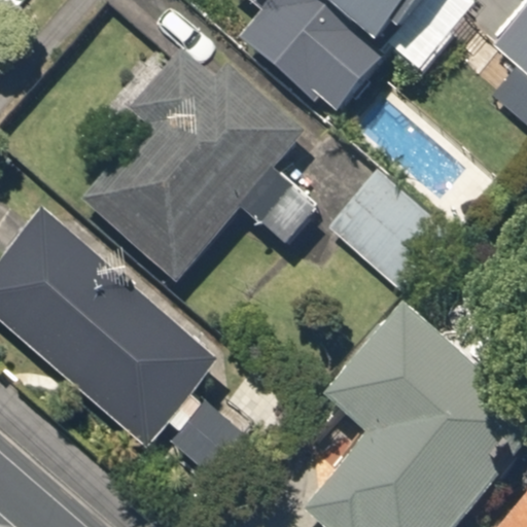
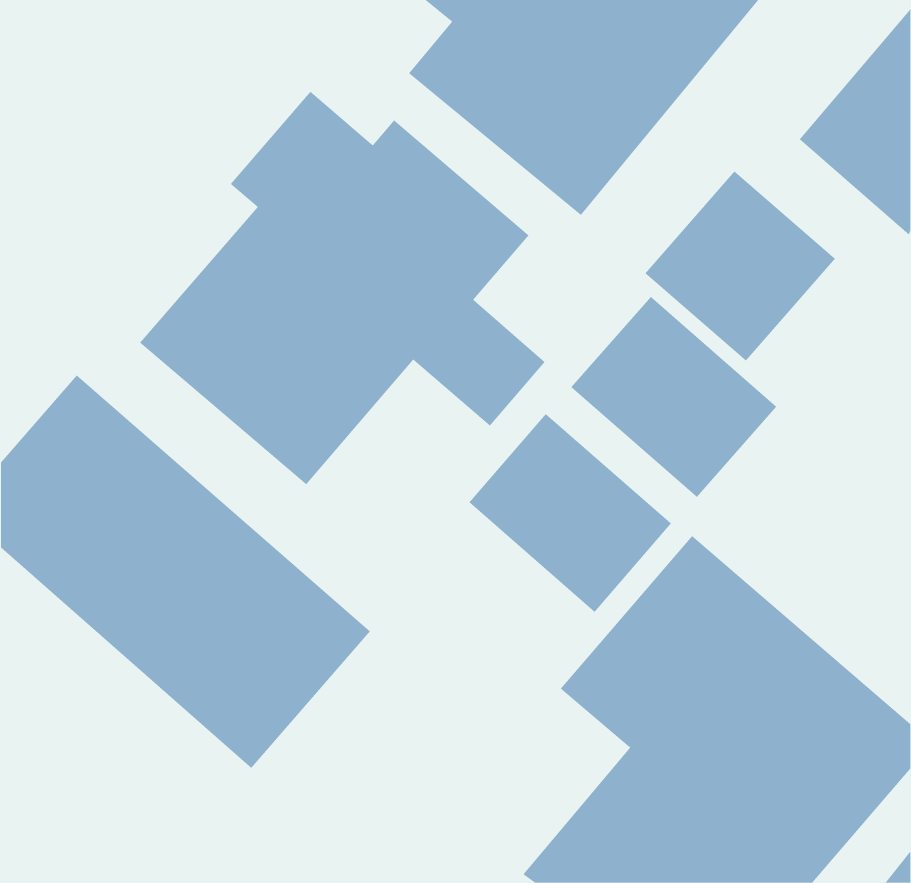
building: none -> [645,171,836,362]
building: none -> [468,413,672,613]

